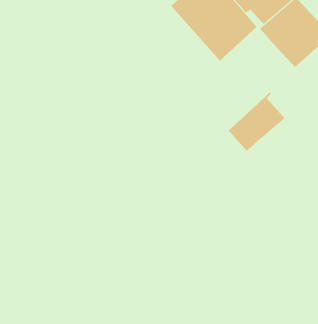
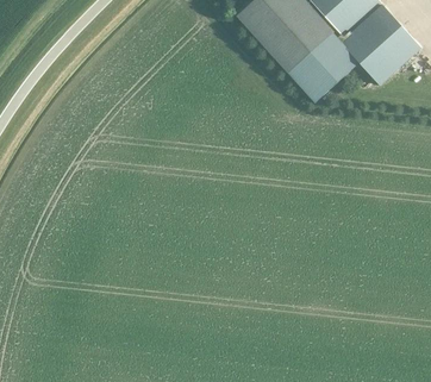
building: [228,92,285,152] -> [293,33,358,101]

